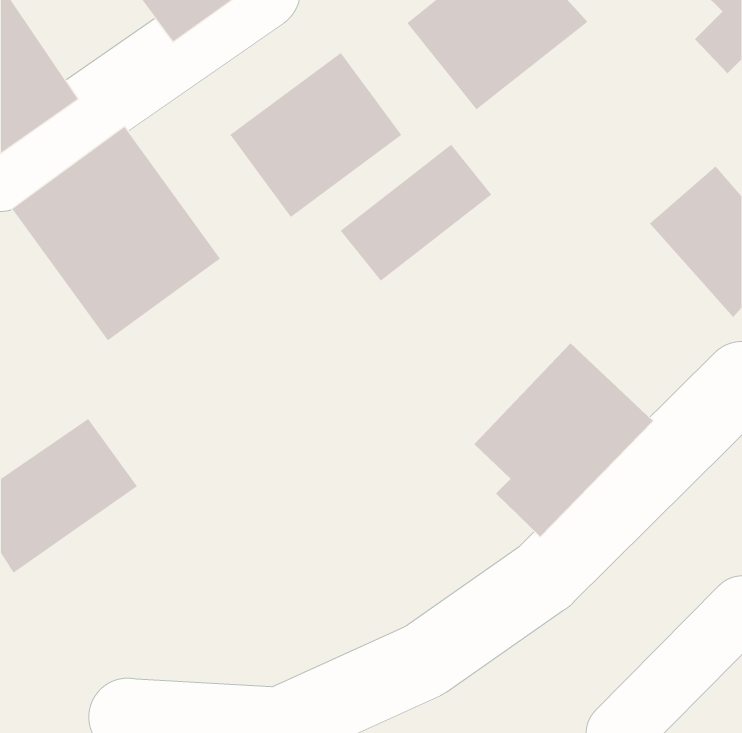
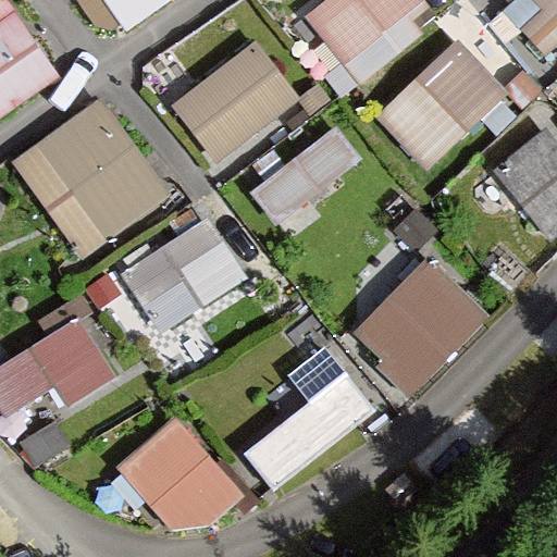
building: none -> [374,39,508,172]
building: none -> [114,214,243,335]
building: none -> [246,346,376,491]
building: none -> [115,416,245,531]

